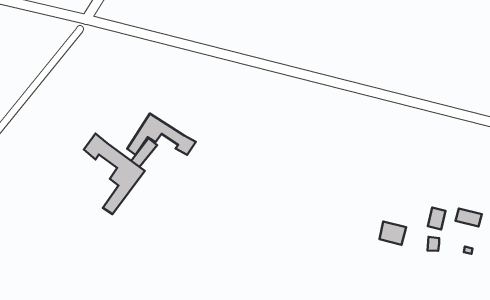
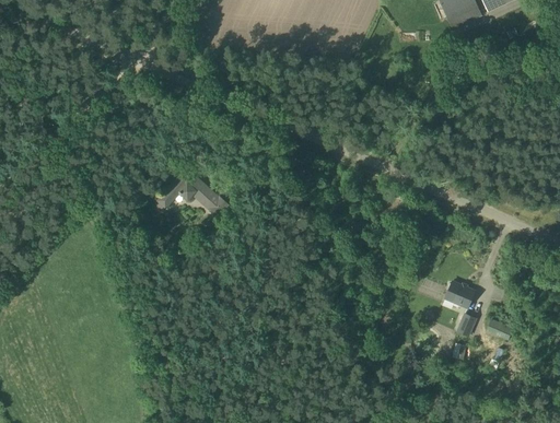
building: [84,134,145,214] -> none
building: [380,222,406,245] -> [445,281,475,308]

